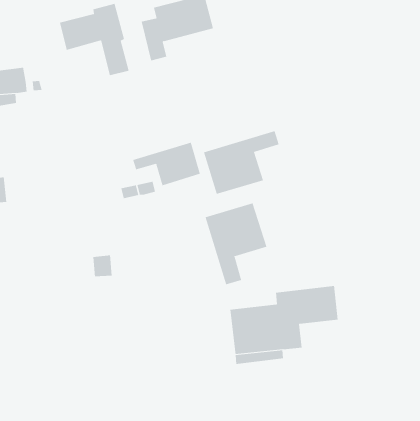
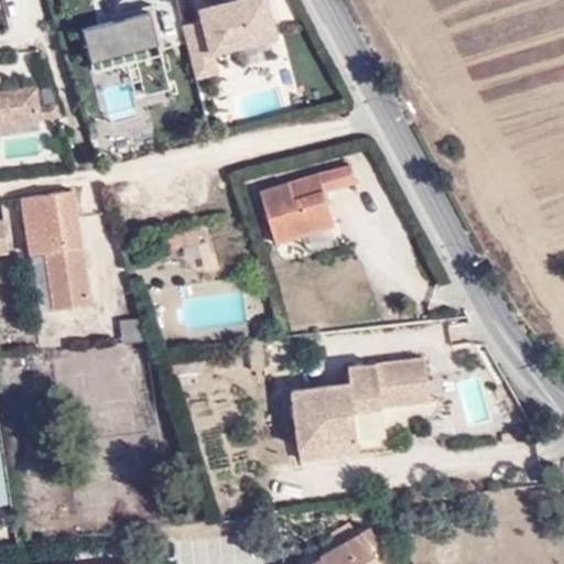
building: [133,142,201,186] -> none
building: none -> [22,192,93,311]
building: [205,202,267,285] -> none

